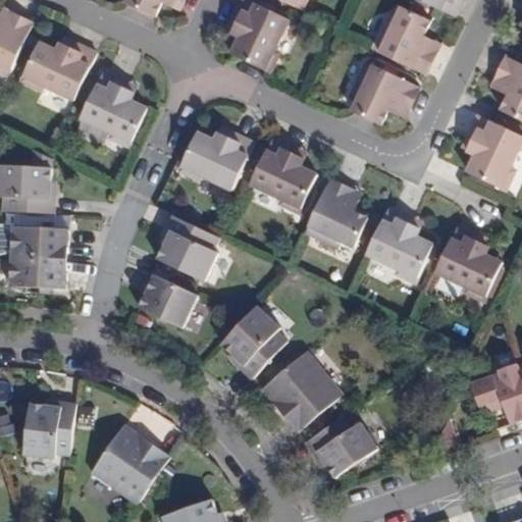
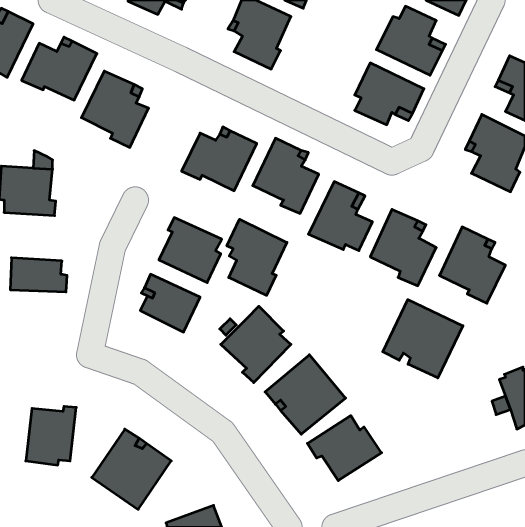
building: none -> [227,219,287,295]
building: [11,225,68,258] -> none
building: none -> [383,300,463,378]

